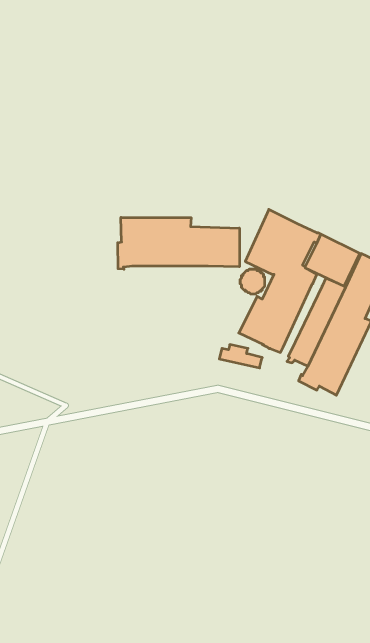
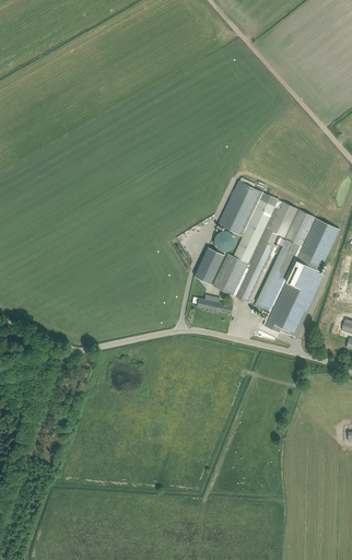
building: [118,217,239,269] -> none
building: none -> [193,247,223,283]

